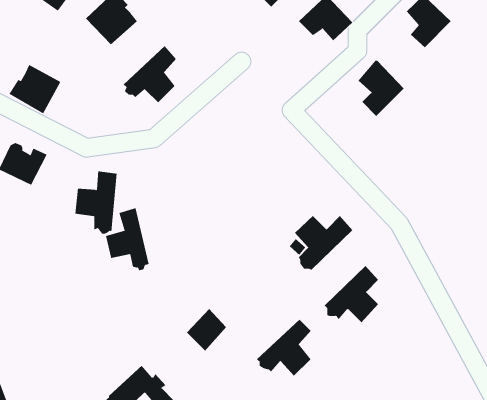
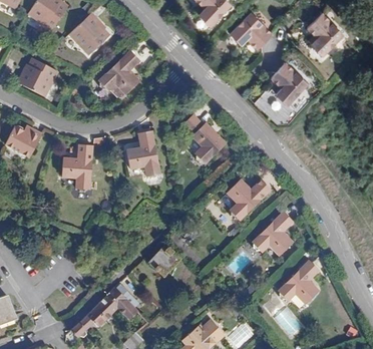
building: none -> [185,113,227,162]
building: [105,207,150,271] -> [129,131,162,179]
building: [256,319,311,377] -> [275,262,316,305]

